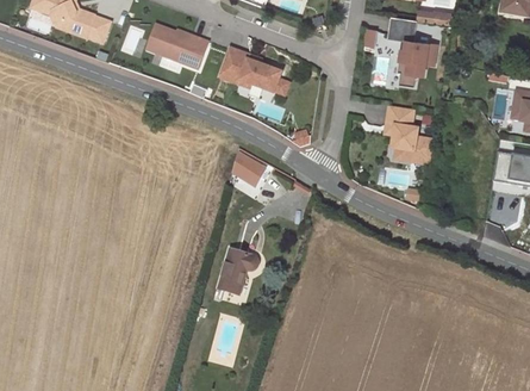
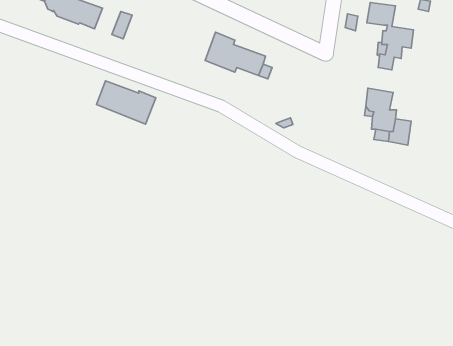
building: [146,25,208,70] -> [97,81,156,124]
building: [230,151,269,187] -> none
building: [219,250,257,294] -> none

